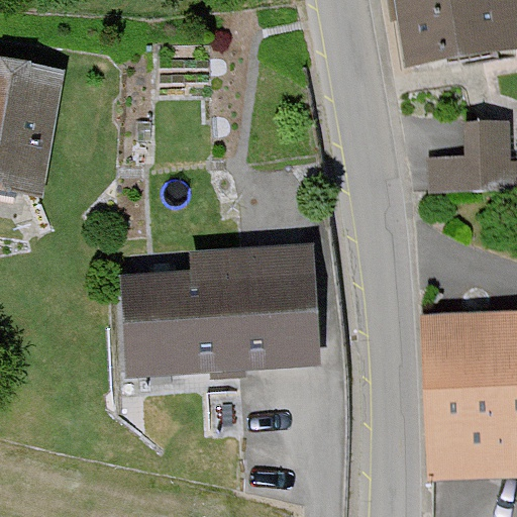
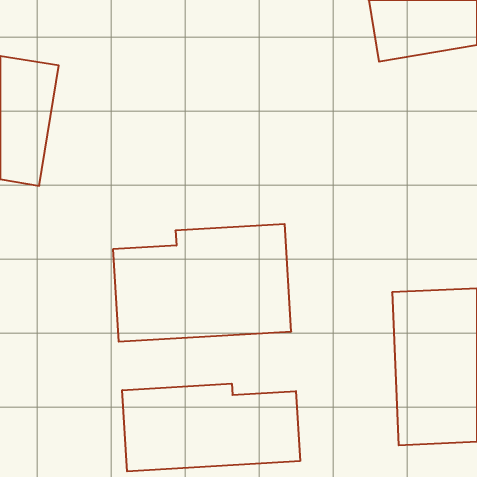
building: [425,123,505,195] -> none
building: none -> [122,384,300,471]

